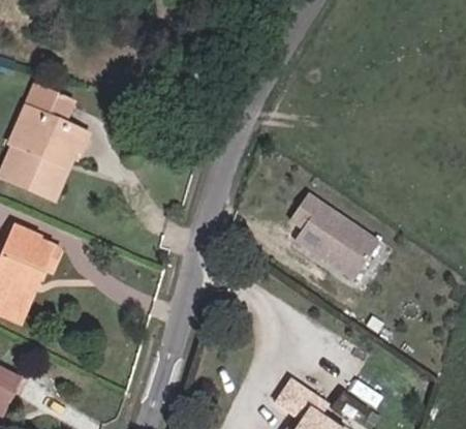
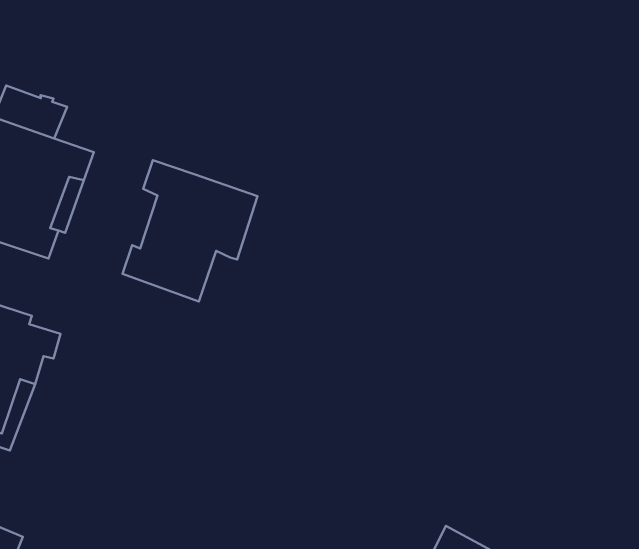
building: none -> [122,160,258,301]
building: [290,204,379,288] -> none

